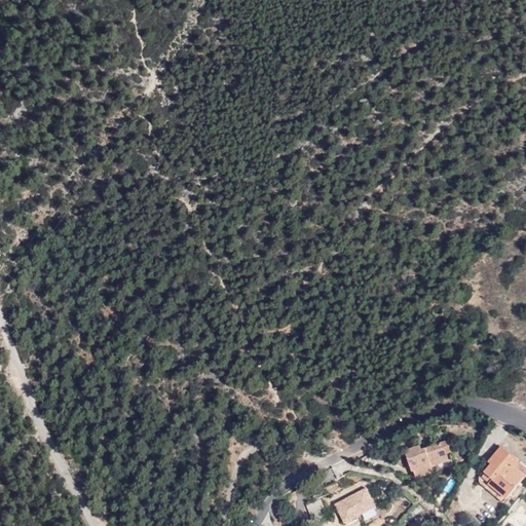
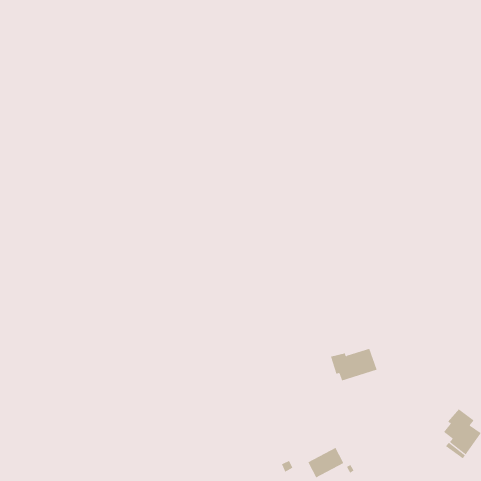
building: [403,442,454,478] -> [330,348,377,381]

